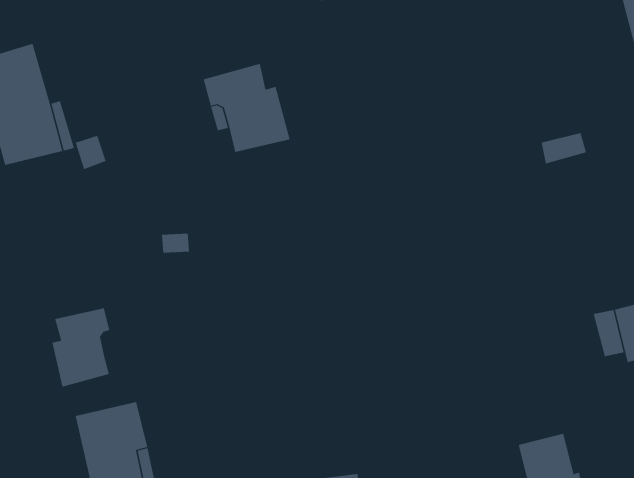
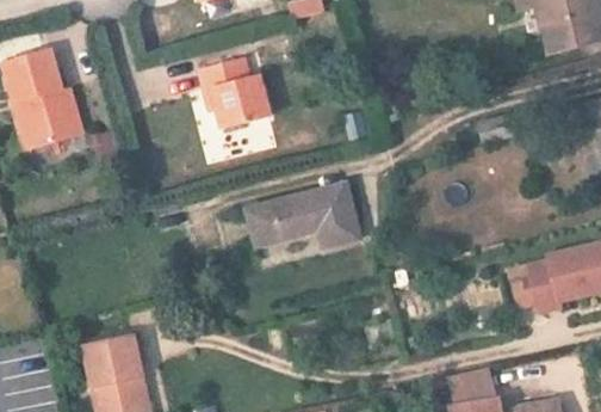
building: none -> [241,189,349,248]
building: [52,307,110,387] -> none

